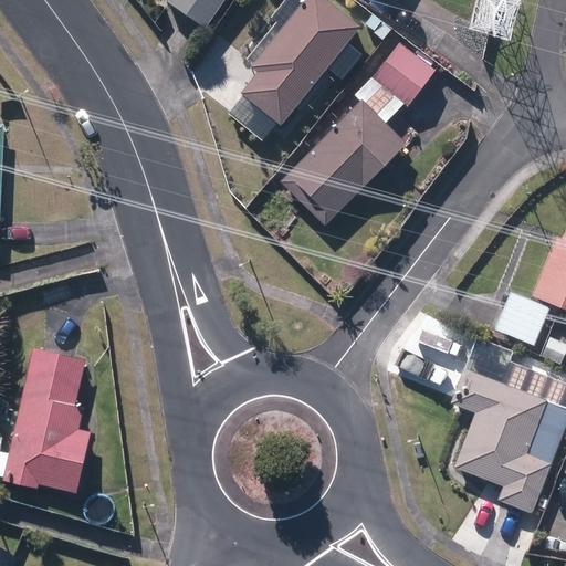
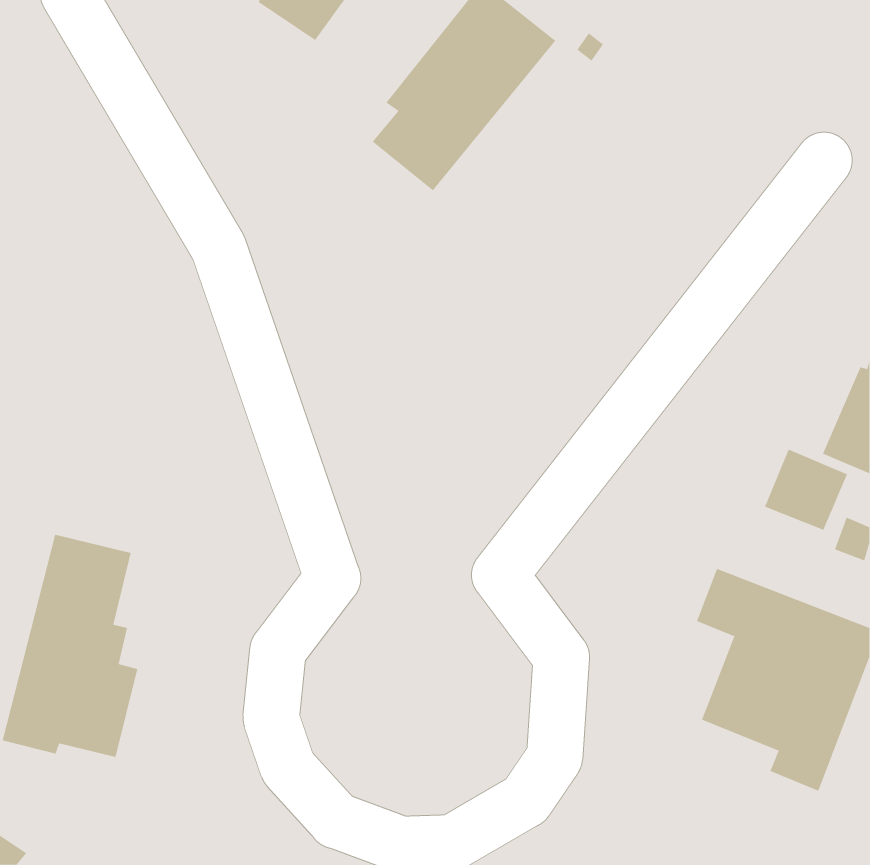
building: [371,42,434,105] -> none
building: [281,99,406,226] -> none

